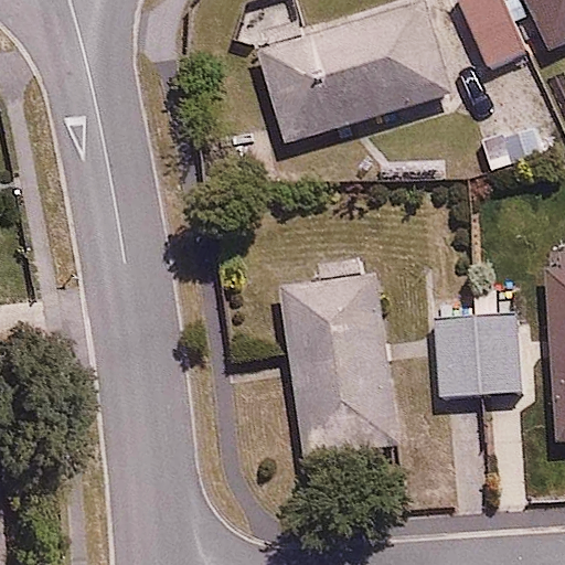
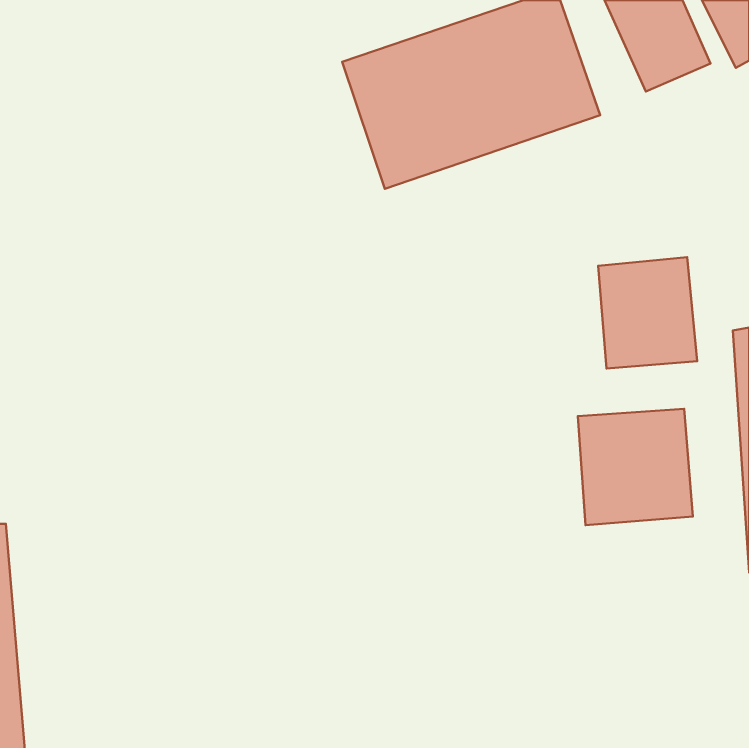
building: none -> [598,257,697,369]
building: [278,273,394,457] -> none

